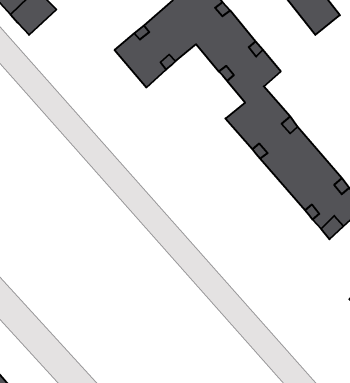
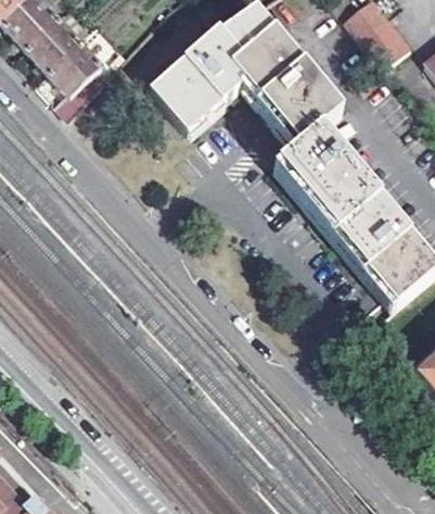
building: none -> [49,40,106,115]

